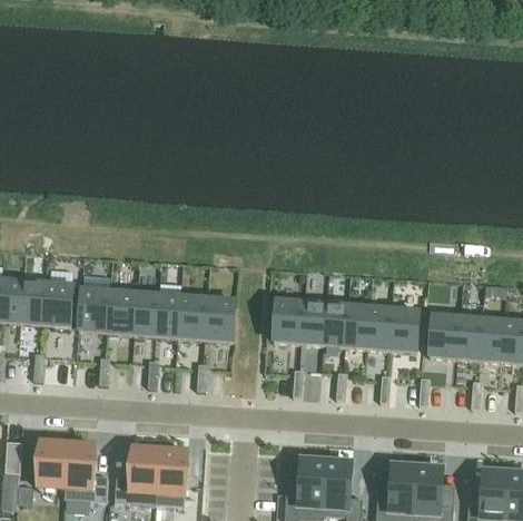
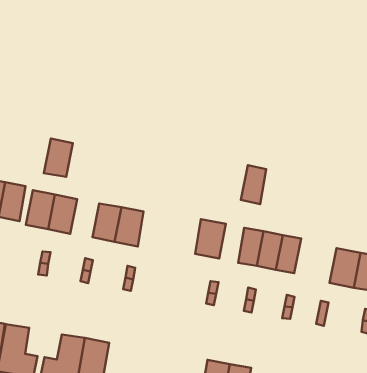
building: [129,293,158,334] -> [44,139,73,177]
building: [207,298,235,341] -> none
building: [300,302,325,344] -> [241,165,266,204]
building: [387,308,418,351] -> none

